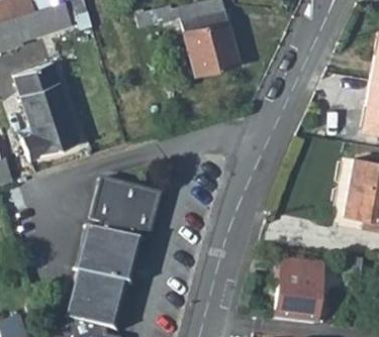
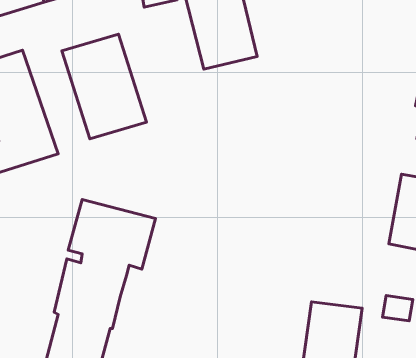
building: none -> [62,34,147,139]

